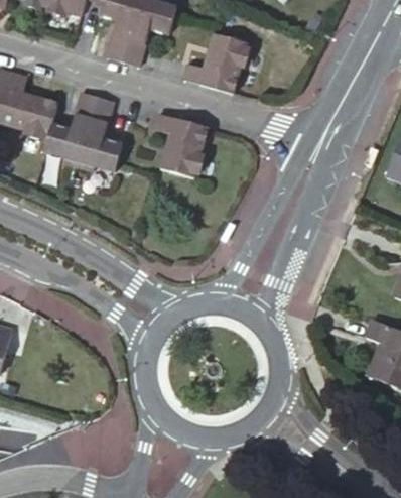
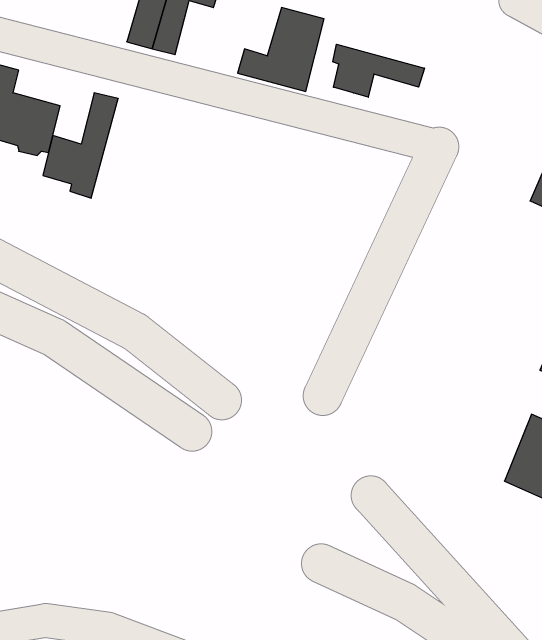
building: none -> [333,44,424,97]
building: [78,99,122,173] -> none
building: [153,116,208,179] -> none

